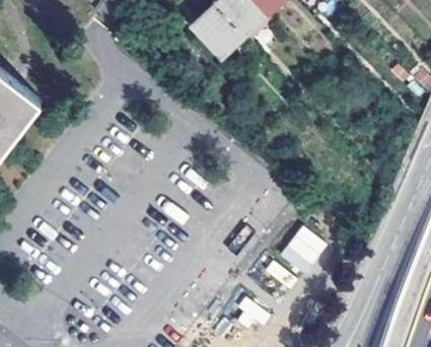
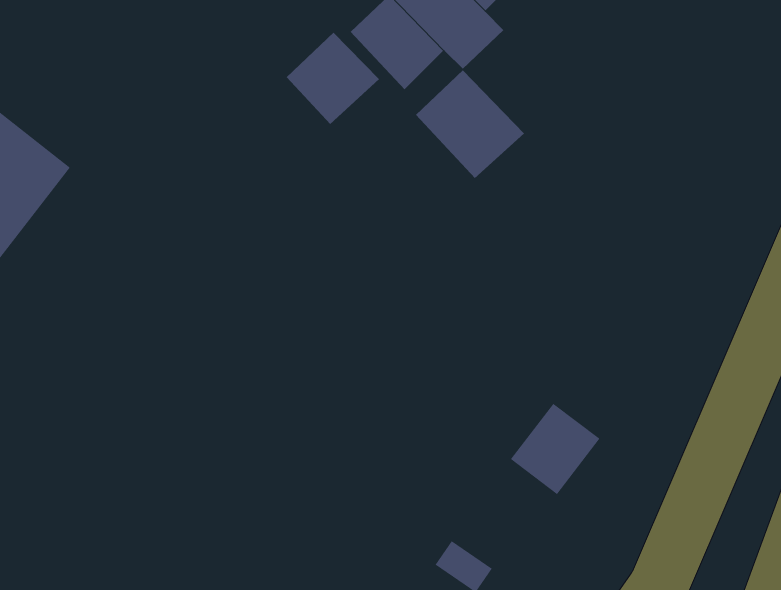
building: none -> [286,32,380,125]
building: none -> [415,70,525,179]

